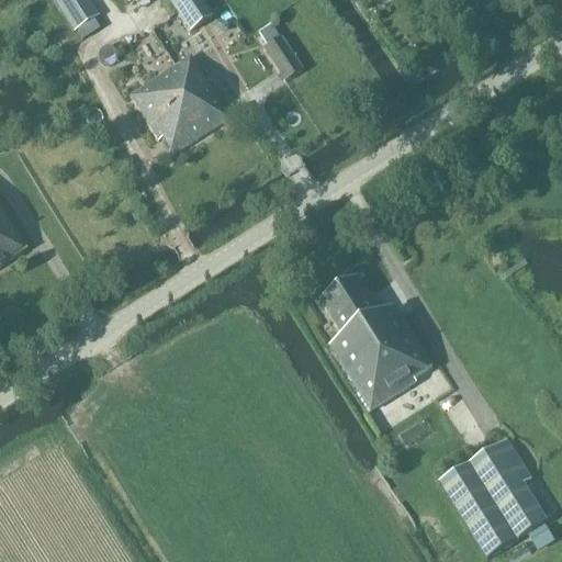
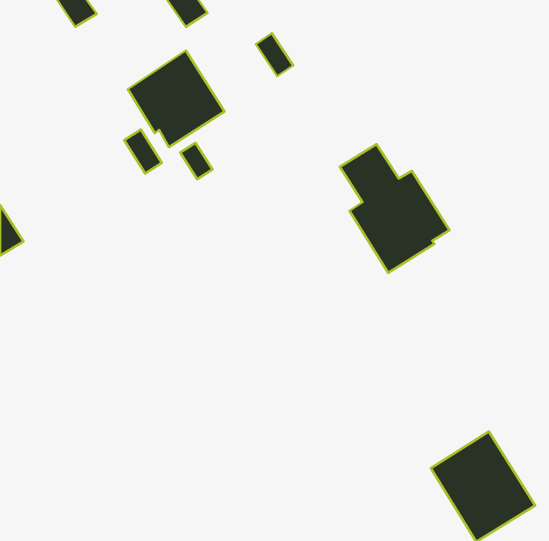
building: none -> [124,129,162,173]
building: none -> [180,143,212,179]
building: [321,274,432,406] -> [340,144,449,273]

